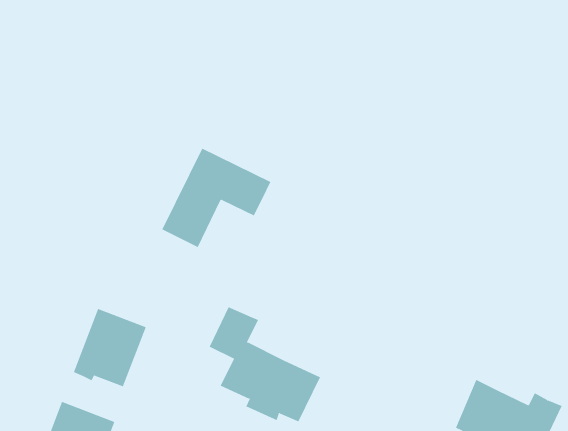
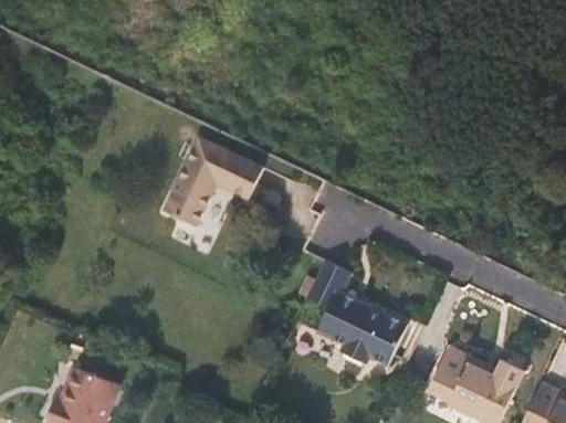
building: [209,307,321,422] -> [307,260,409,364]
building: [73,308,146,387] -> none

